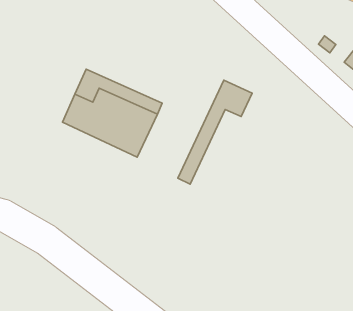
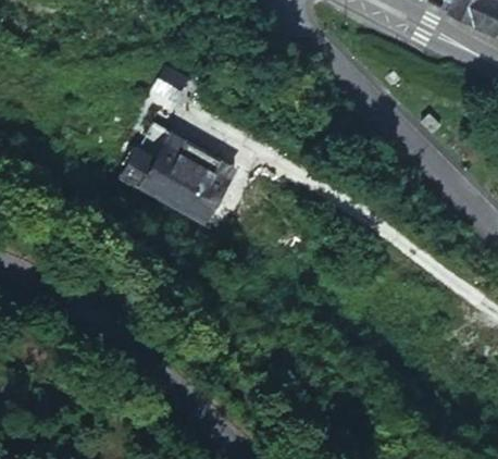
building: [178,80,252,184] -> none

